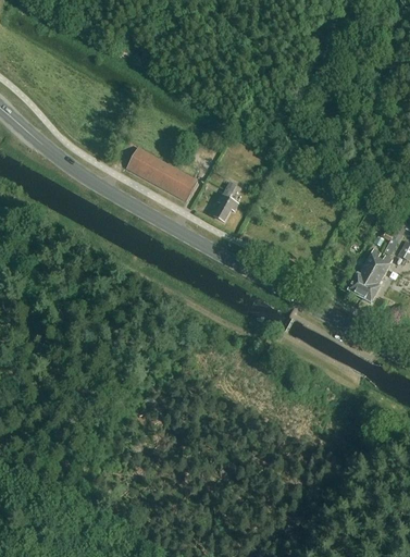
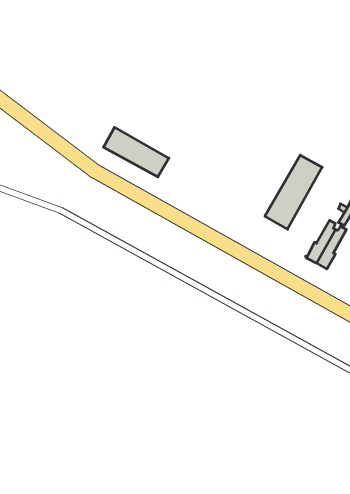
building: none -> [265,155,322,229]
building: [213,181,237,221] -> none

